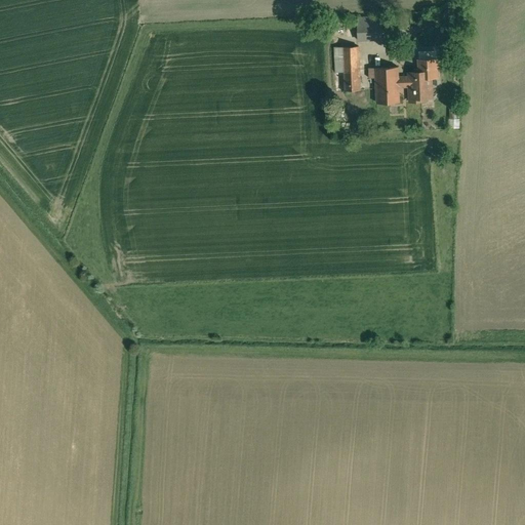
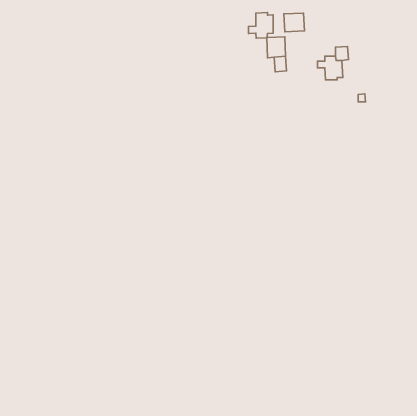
building: none -> [248,13,273,38]
building: [375,67,400,103] -> none

